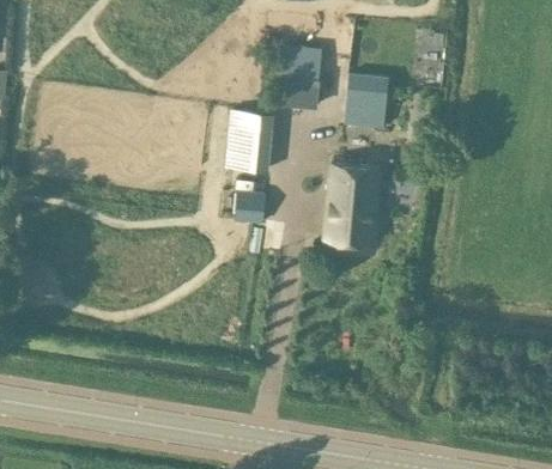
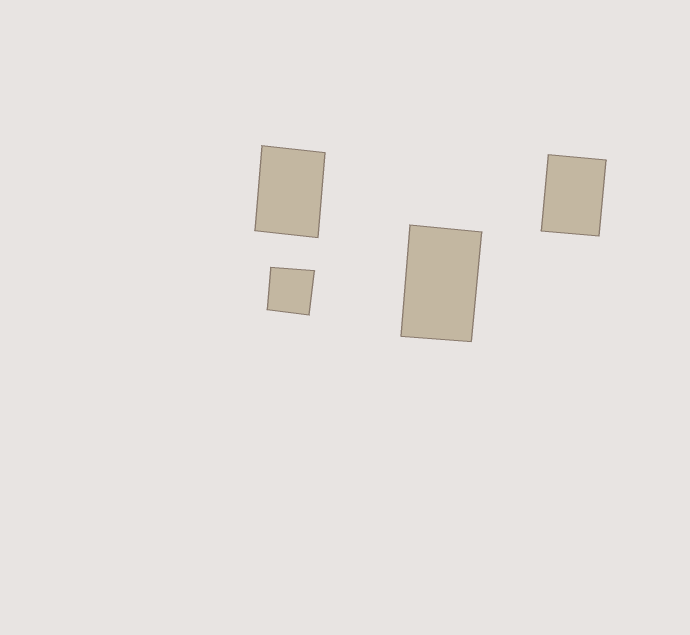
building: [279,39,319,103] -> none
building: [344,77,388,132] -> [541,155,606,236]

